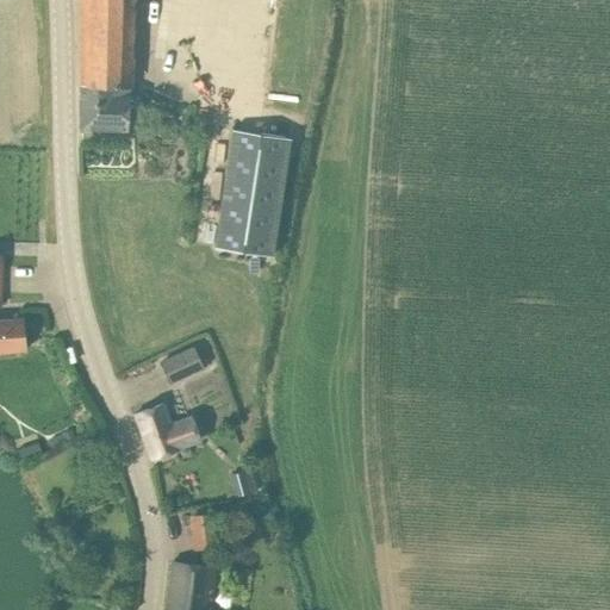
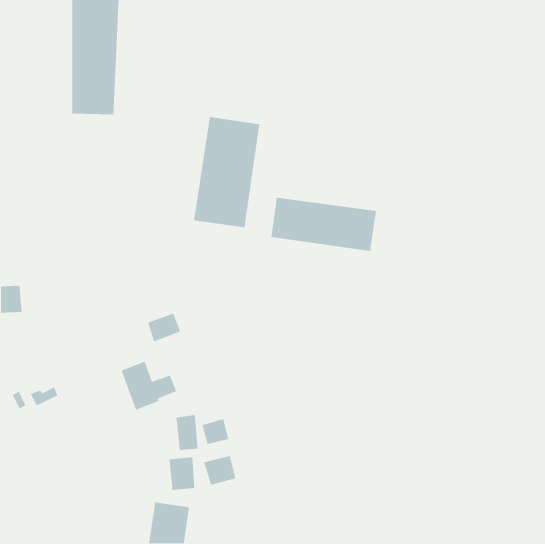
building: none -> [270,197,377,252]
building: none -> [176,414,198,451]
building: none -> [203,455,236,486]

